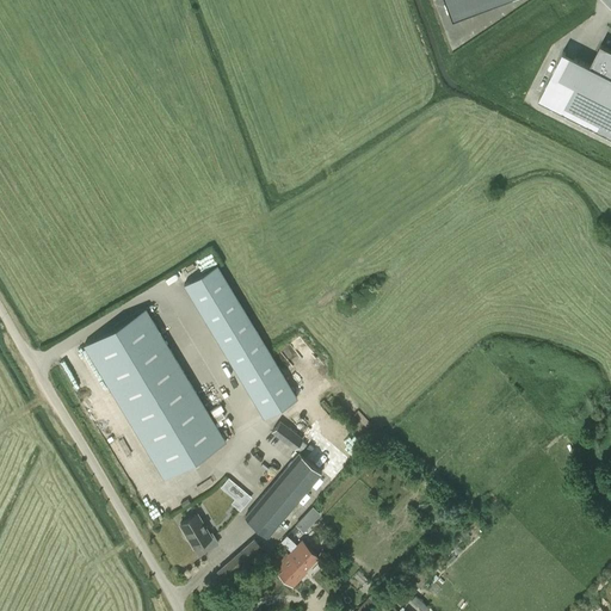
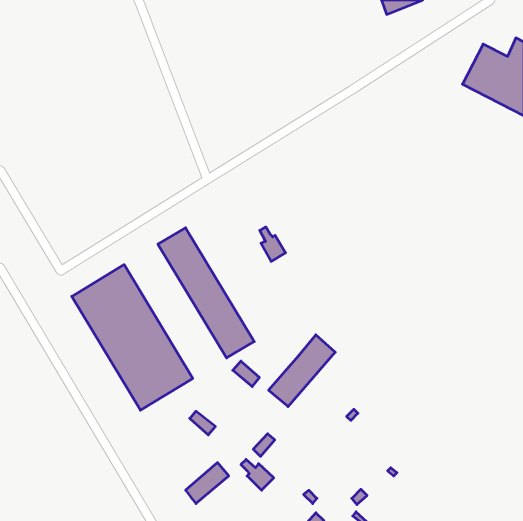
building: none -> [260,227,286,261]
building: [245,456,322,539] -> [269,335,335,407]
building: [181,517,218,555] -> none
building: [273,556,307,590] -> none

